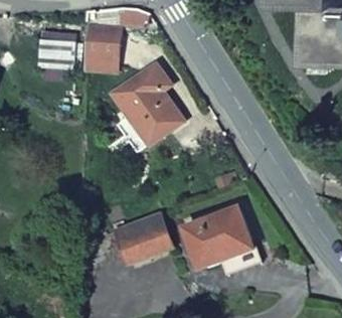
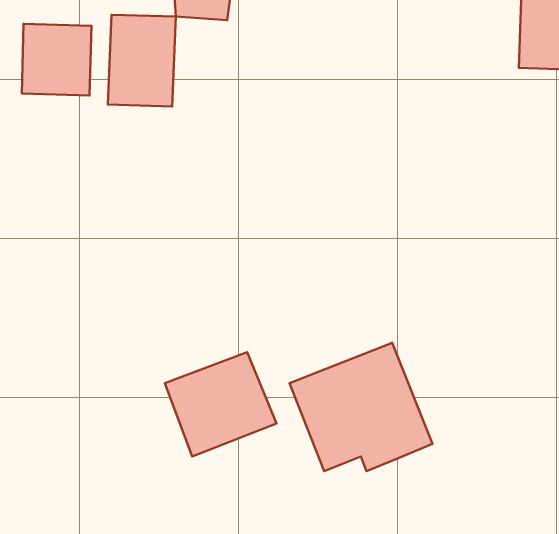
building: [108,61,187,151] -> none

